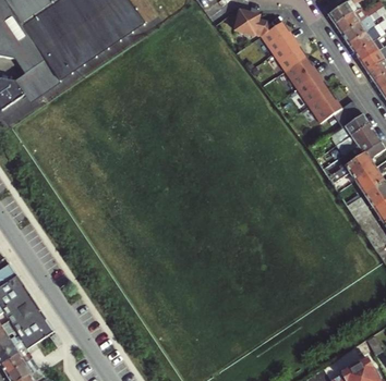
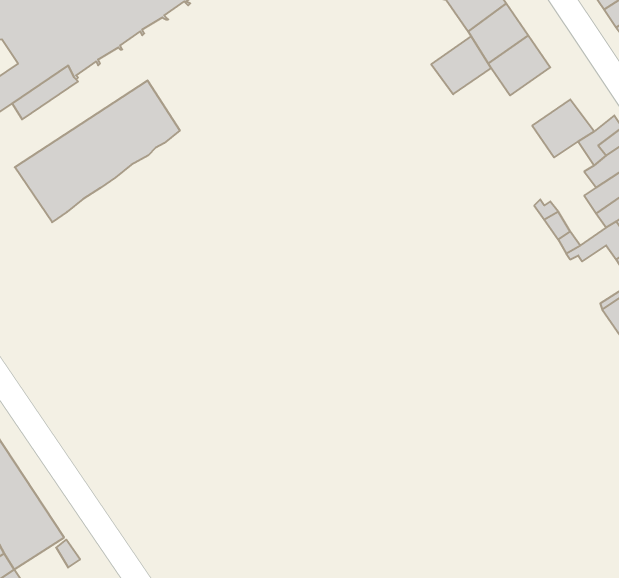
building: [297,74,329,106] -> [431,36,491,94]
building: none -> [15,80,180,222]

